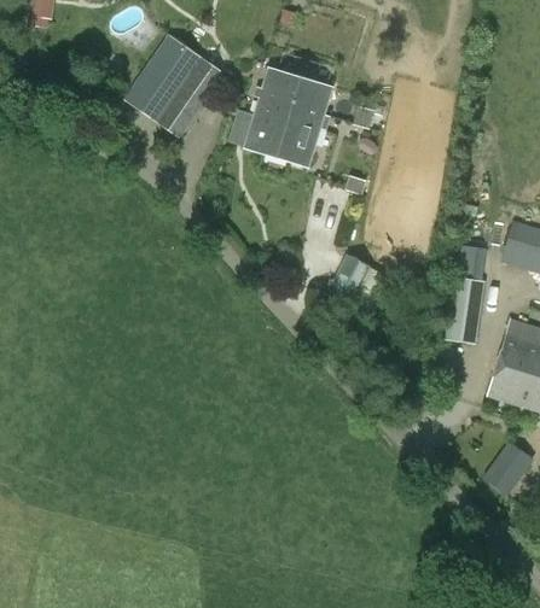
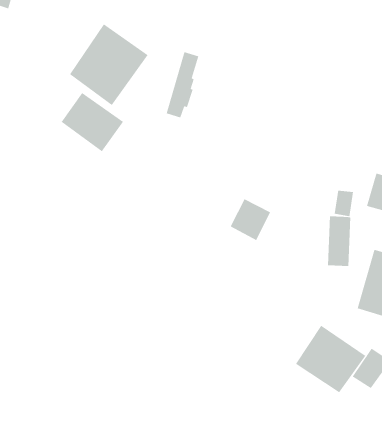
building: [266,75,330,165] -> none
building: none -> [61,92,124,152]
building: none -> [295,325,366,393]

